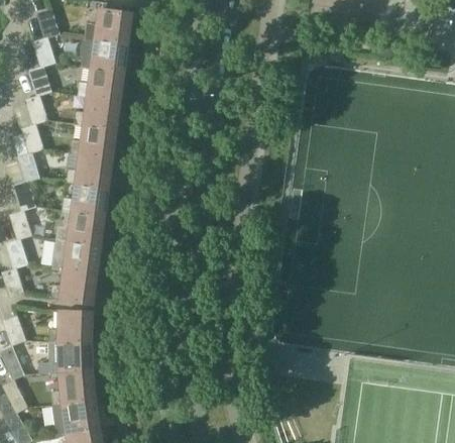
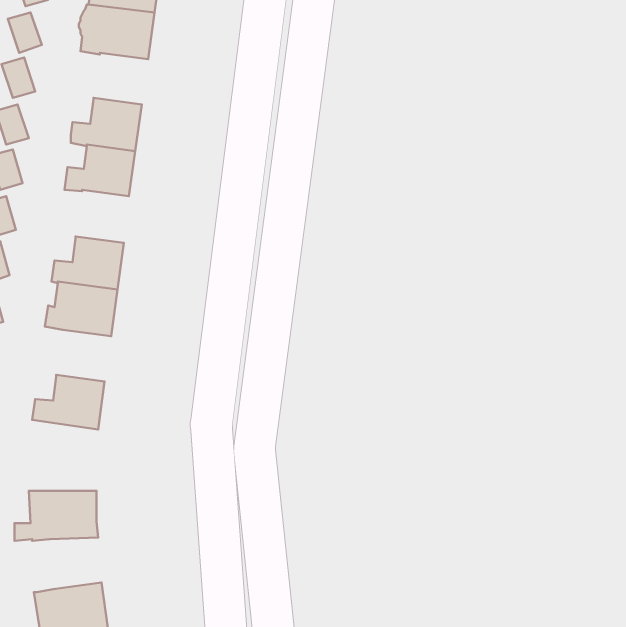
building: [78,68,123,100] -> none
building: [67,153,111,187] -> none
building: [53,240,100,273] -> none
building: [49,311,91,342] -> none
building: [51,371,94,406] -> none

